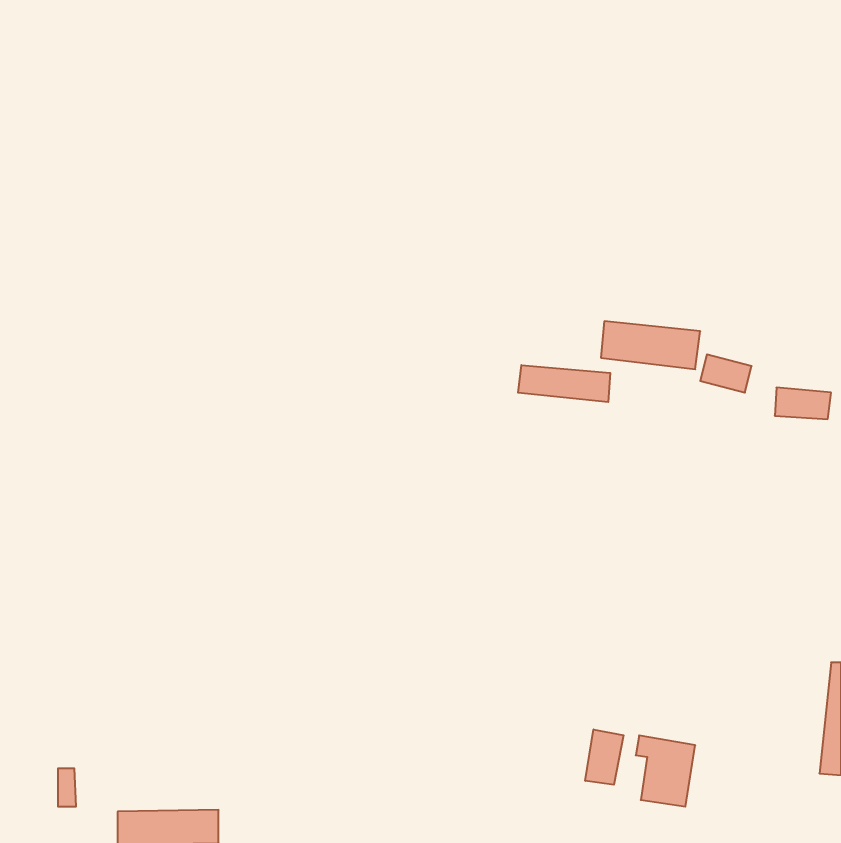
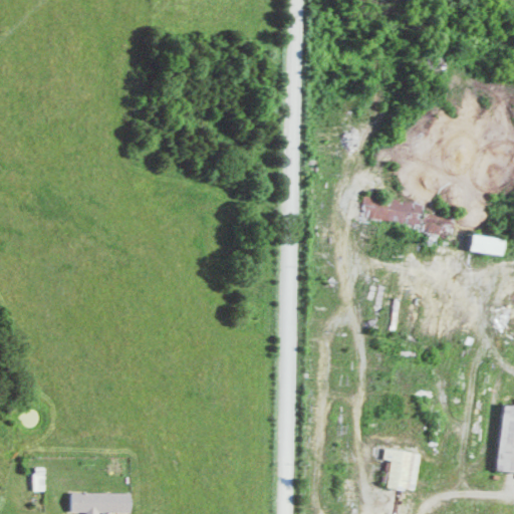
building: [518,365,610,402] -> none
building: [585,729,624,785] -> none

